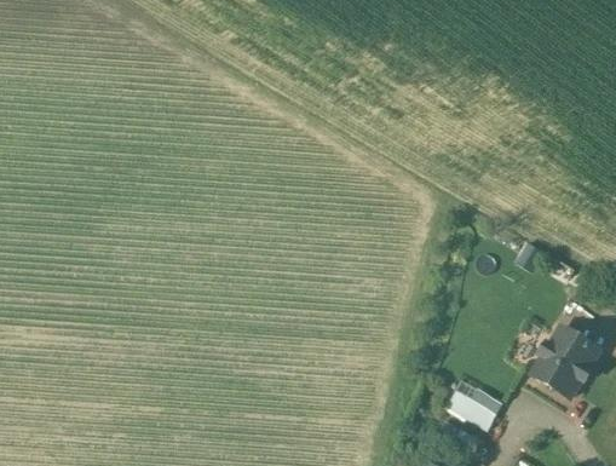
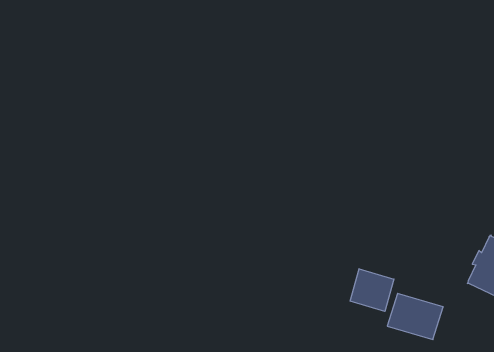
building: none -> [350,269,394,311]

